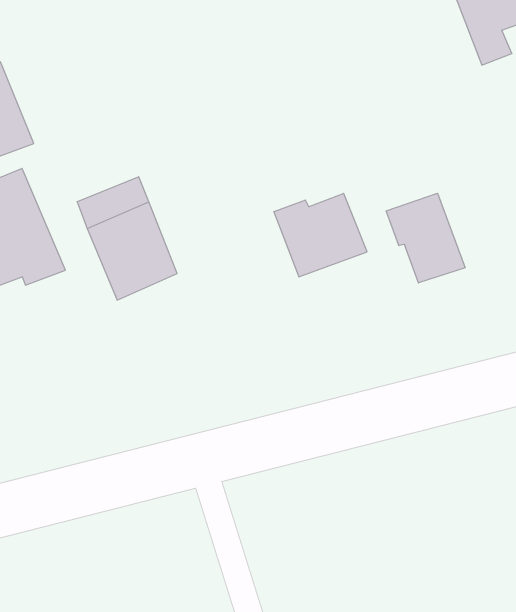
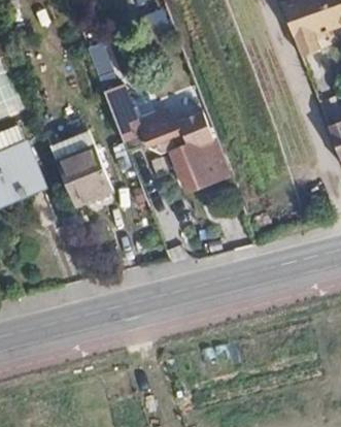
building: none -> [87,43,215,155]
building: [386,193,465,283] -> none

